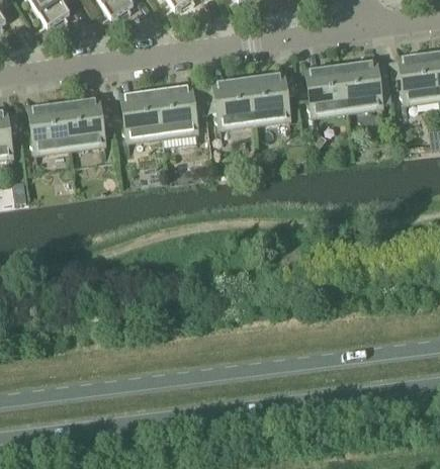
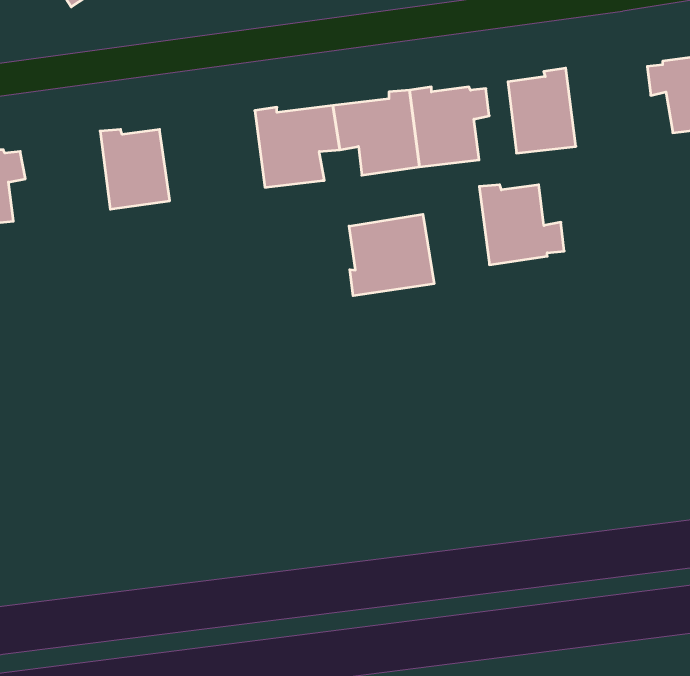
building: [341,62,391,109] -> [479,185,564,265]
building: [121,88,162,138] -> none
building: [29,100,70,151] -> none
building: none -> [349,214,434,296]

